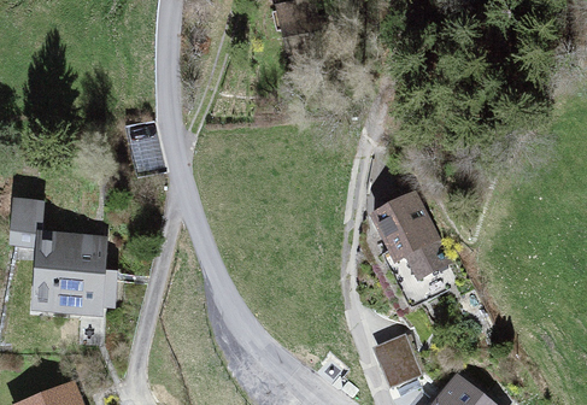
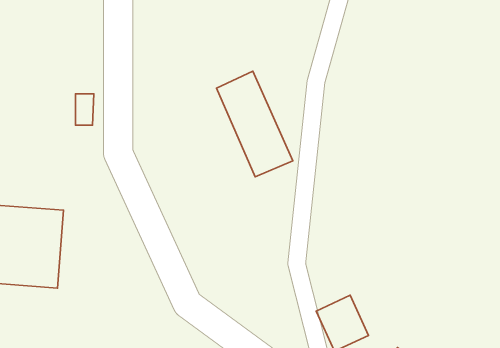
building: [374,192,450,297] -> [216,71,293,177]

